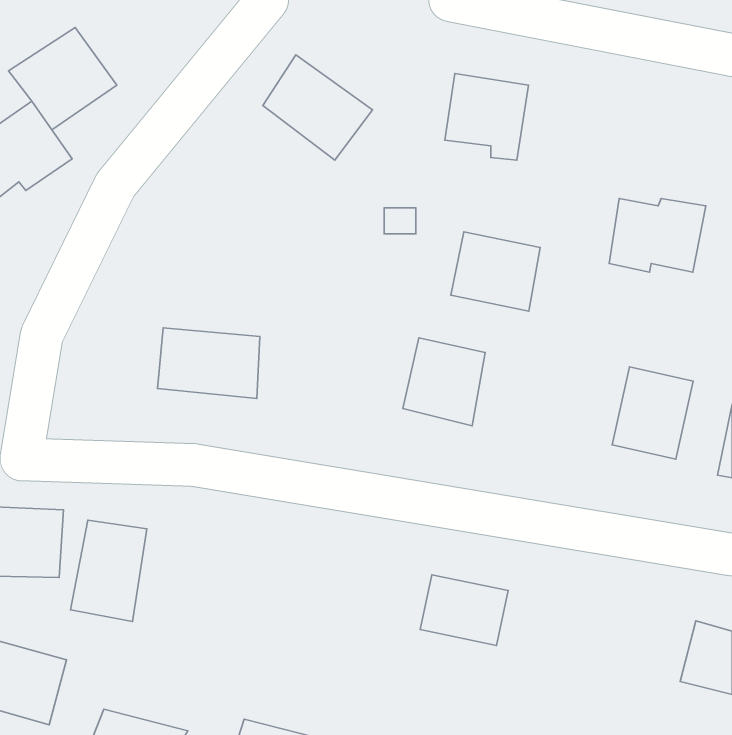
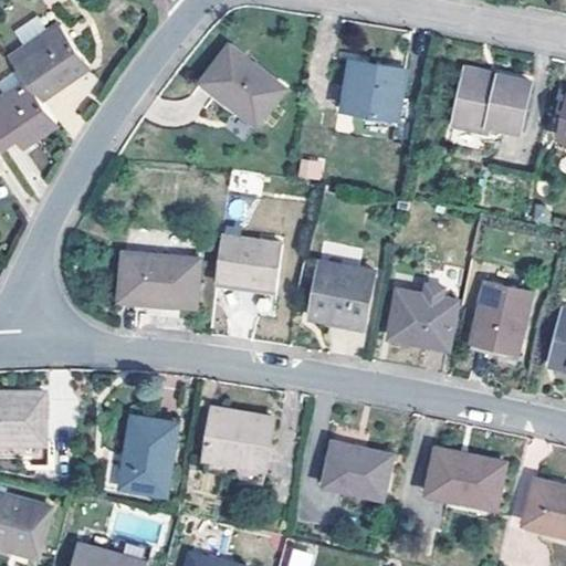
building: [609,198,706,272] -> [453,74,527,130]
building: [451,232,540,311] -> [387,290,455,350]
building: none -> [213,237,277,291]
building: [70,520,147,621] -> [119,416,178,493]
building: none -> [202,407,273,469]
building: none -> [428,448,507,509]

